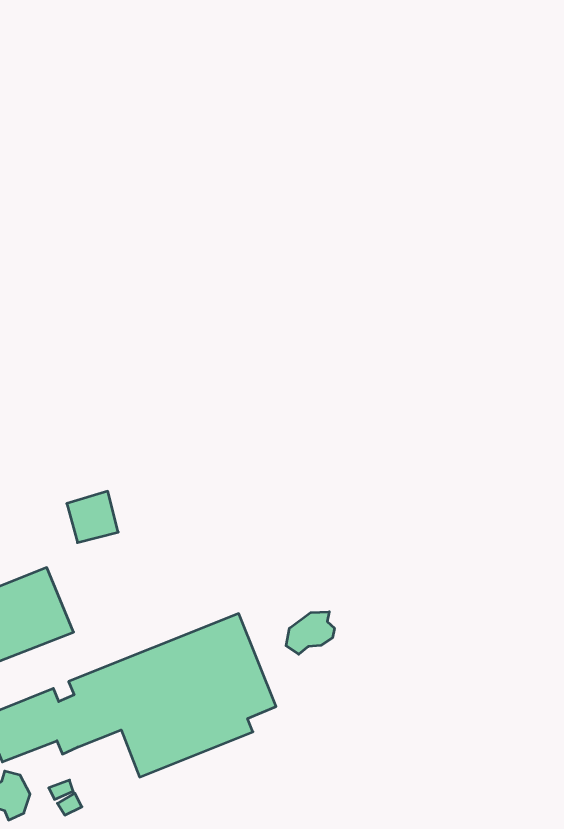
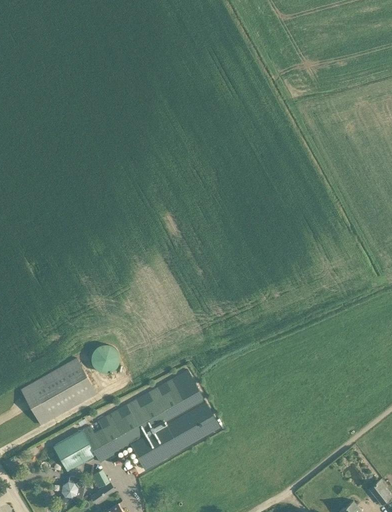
building: [67,491,118,543] -> [92,342,123,373]
building: [286,612,334,654] -> none

